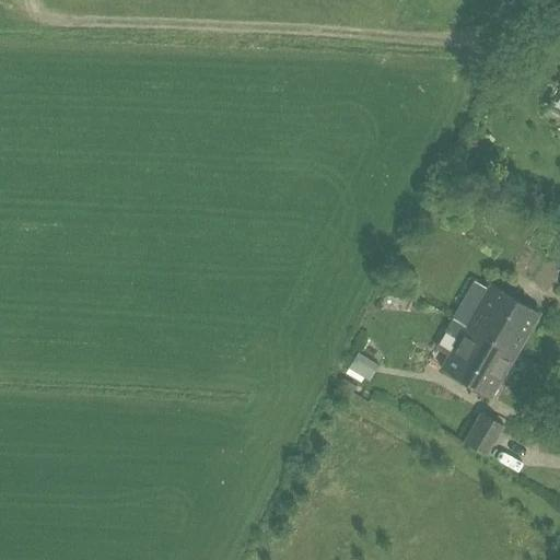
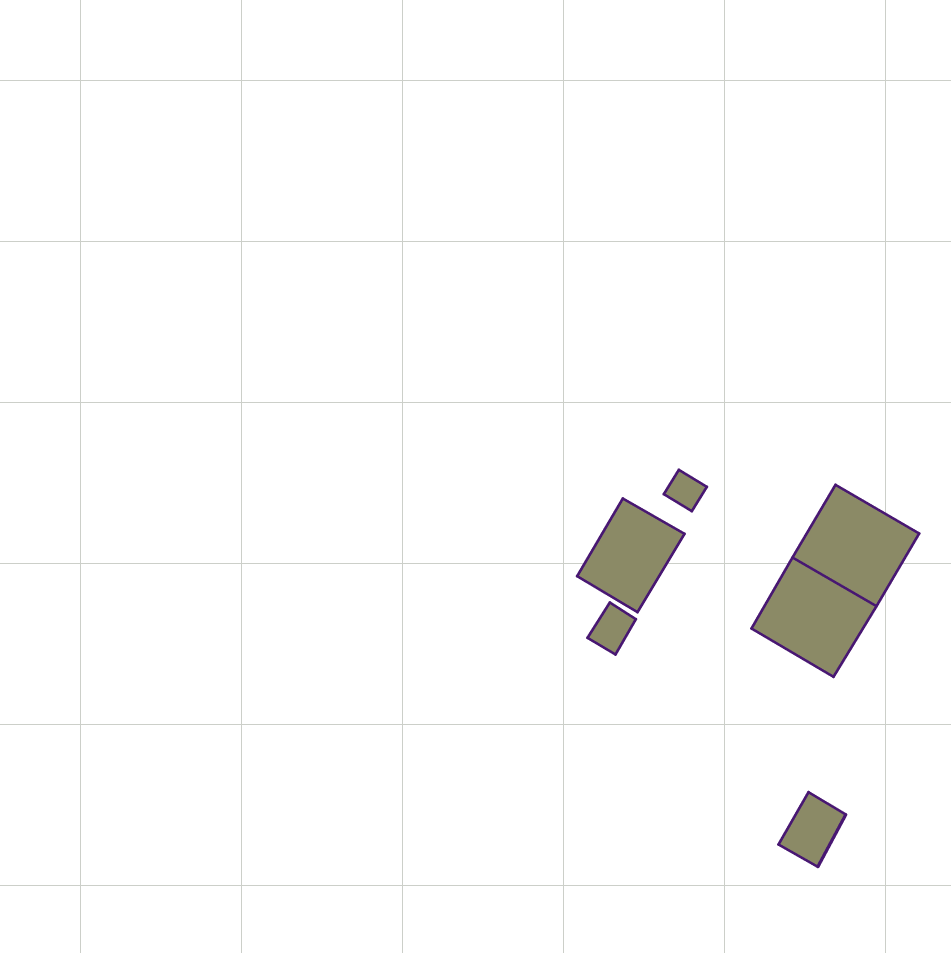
building: none -> [577,499,684,612]
building: [463,412,502,456] -> [779,792,846,867]

